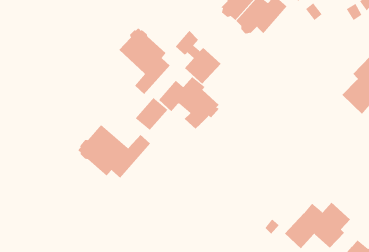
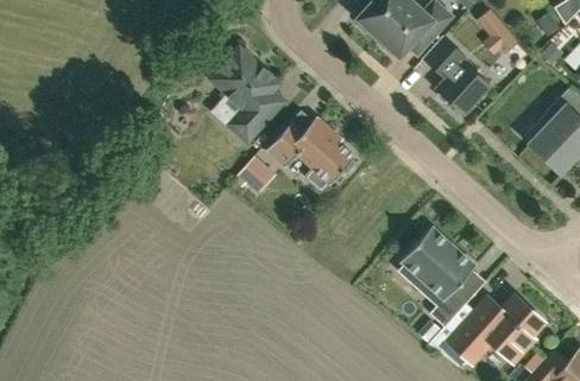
building: [175,30,221,85] -> [423,36,490,114]
building: [77,124,151,178] -> none
building: none -> [401,226,475,326]

